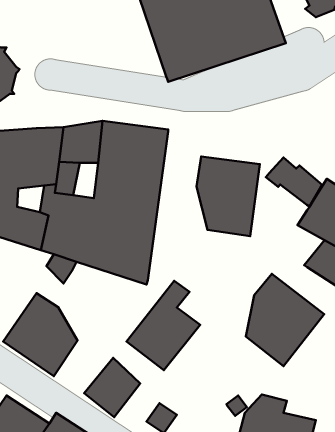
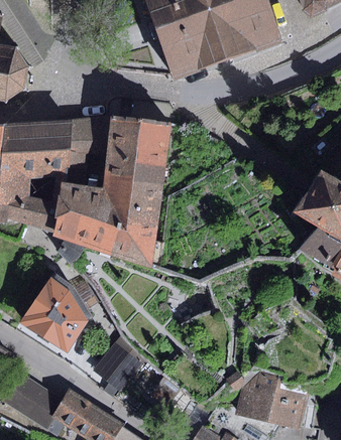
building: [197,156,260,236] -> none
building: [266,158,322,207] -> none
building: [246,274,324,366] -> none
building: [126,281,200,370] -> none

